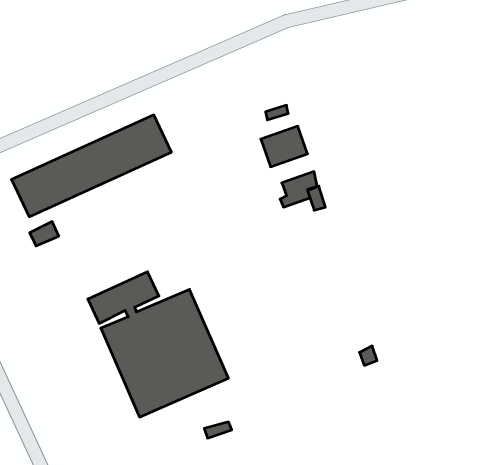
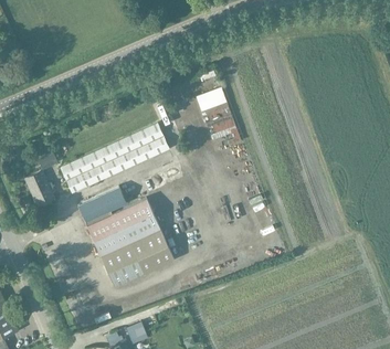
building: [11,115,171,217] -> [60,124,169,193]
building: none -> [25,170,53,205]

